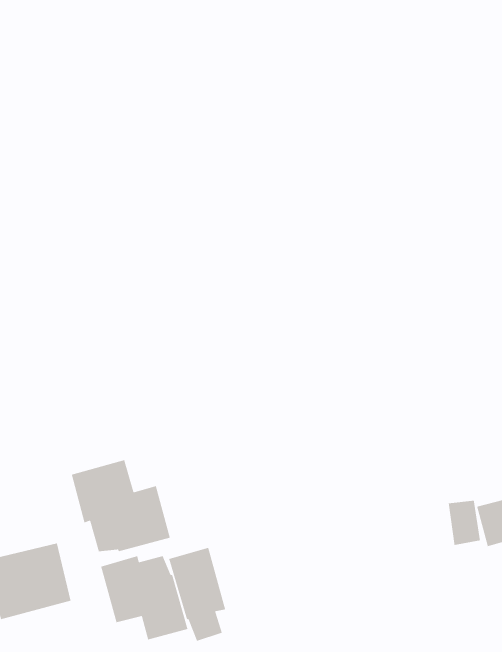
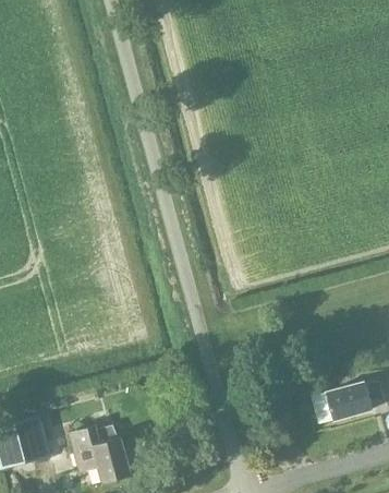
building: [71,459,171,552] -> none
building: [168,547,226,642] -> none

